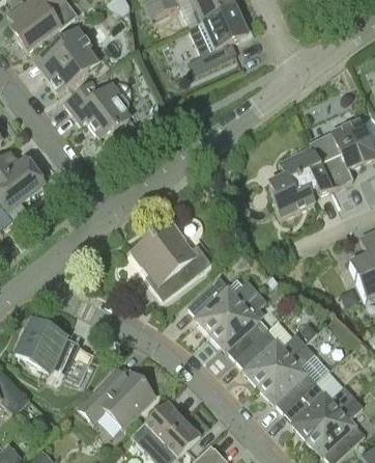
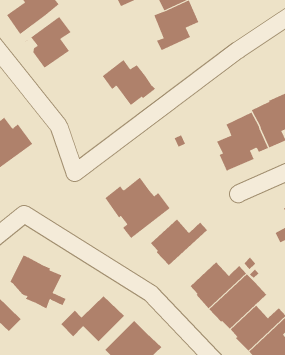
building: [64,79,131,136] -> [102,59,156,106]
building: [210,289,268,357] -> none

